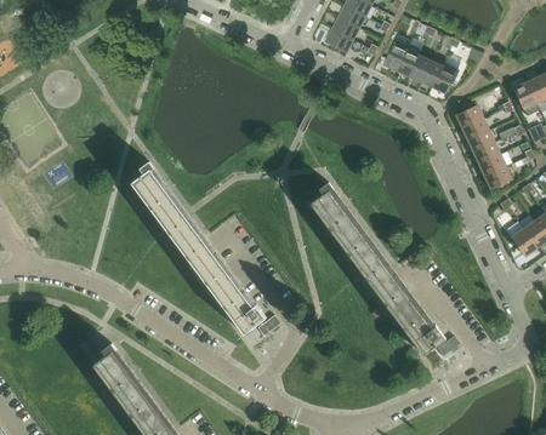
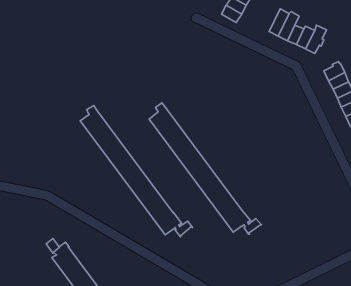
building: [311,183,460,357] -> [149,103,261,234]

